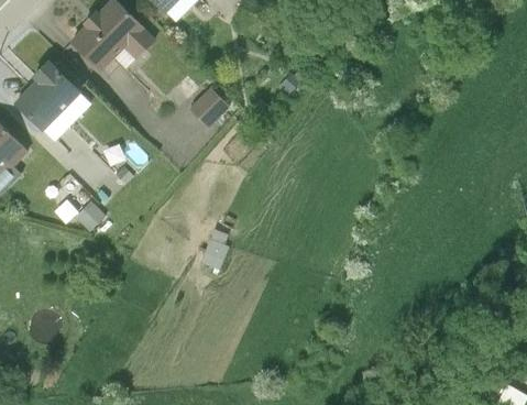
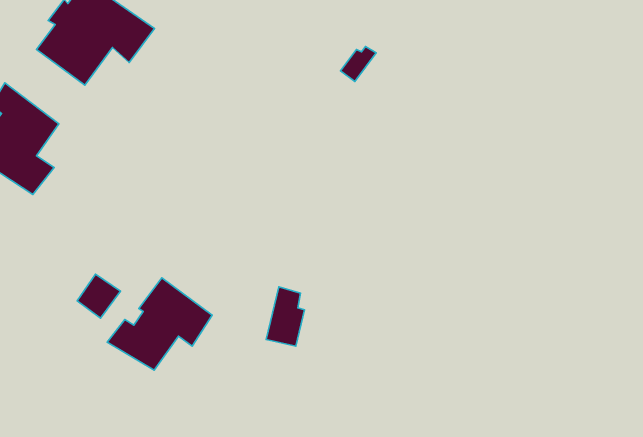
building: [188,87,230,129] -> none
building: none -> [107,278,212,370]

